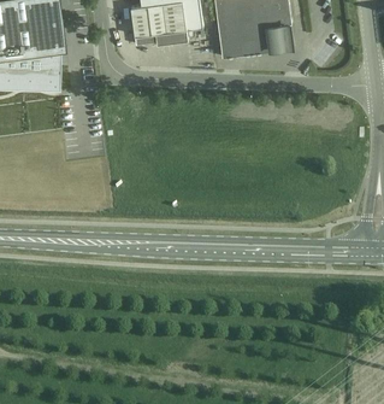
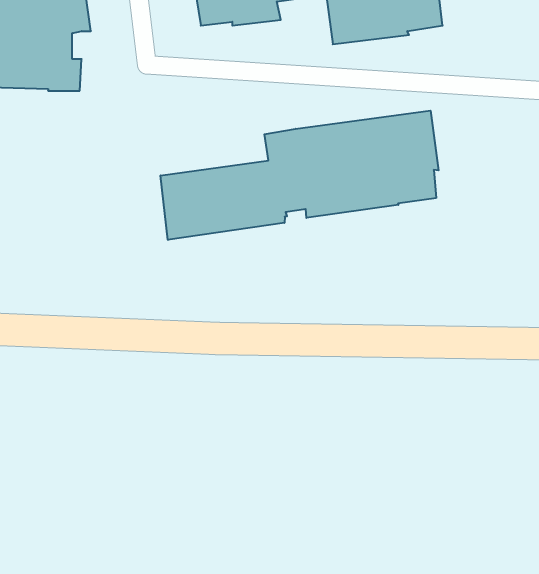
building: none -> [161,111,439,240]

